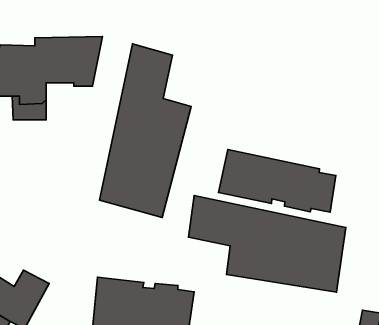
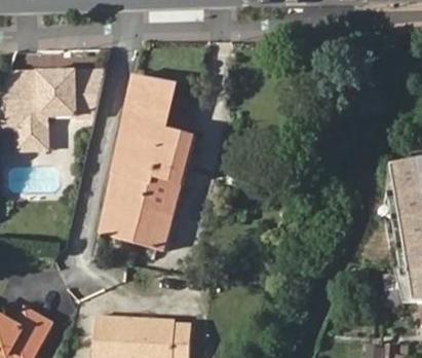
building: [219,150,336,212] -> none
building: [188,196,346,292] -> none

